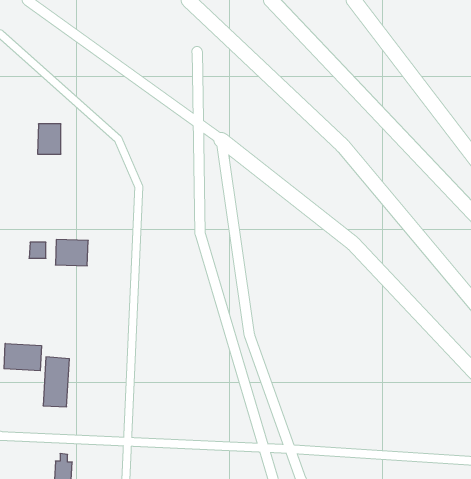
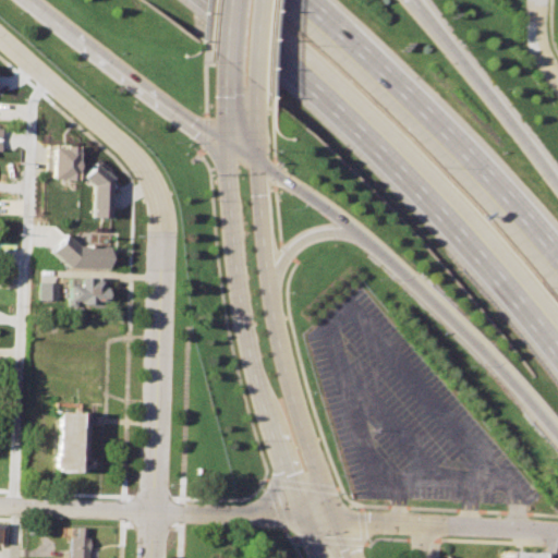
building: none -> [88,163,117,217]
building: none -> [54,233,112,268]
building: [4,343,41,371] -> none

